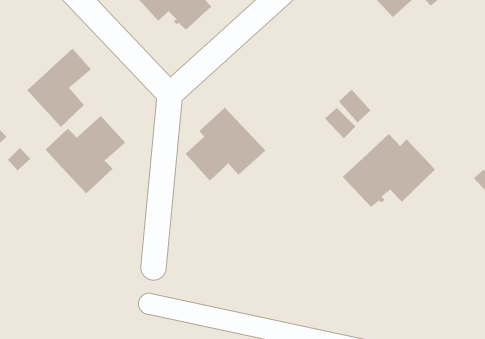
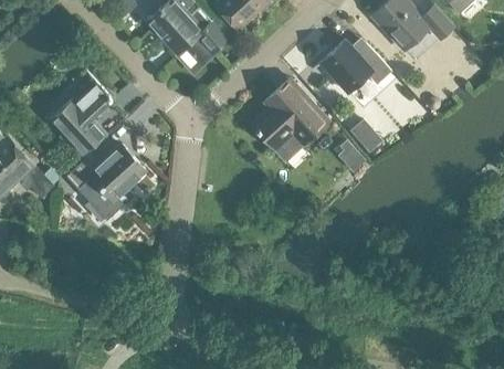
building: none -> [321,40,391,93]
building: [185,107,266,181] -> [251,78,329,150]
building: [342,133,436,208] -> none

